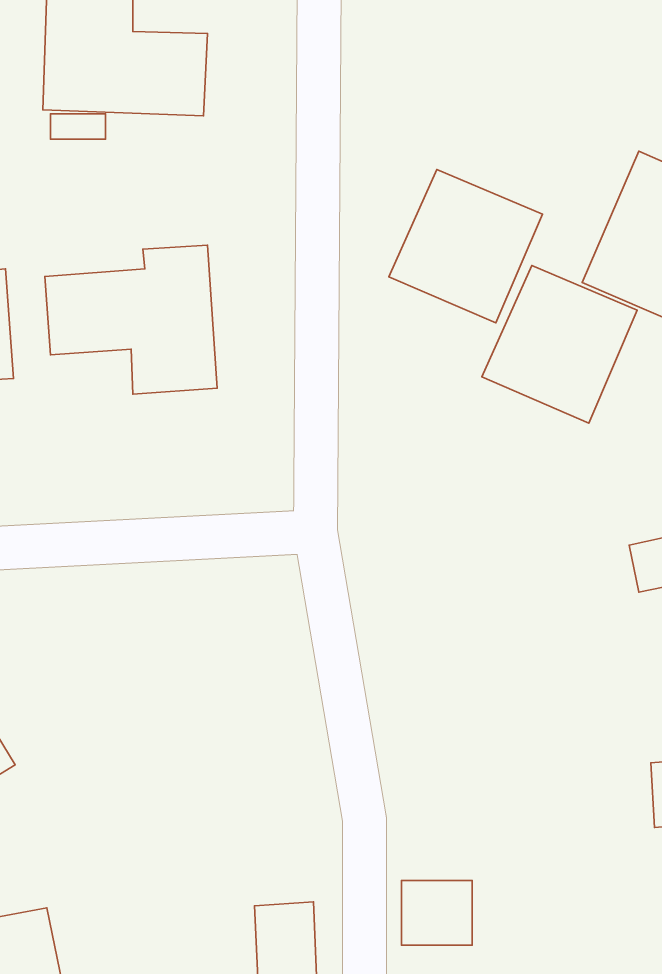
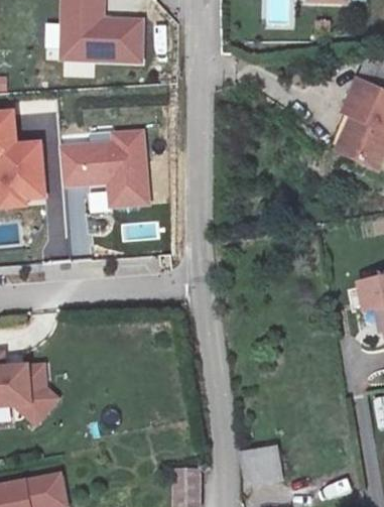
building: [389,169,542,323] -> none
building: [482,265,637,423] -> none

